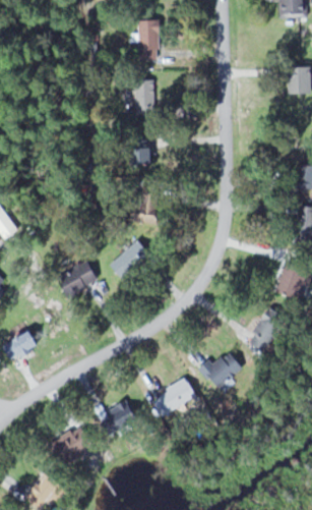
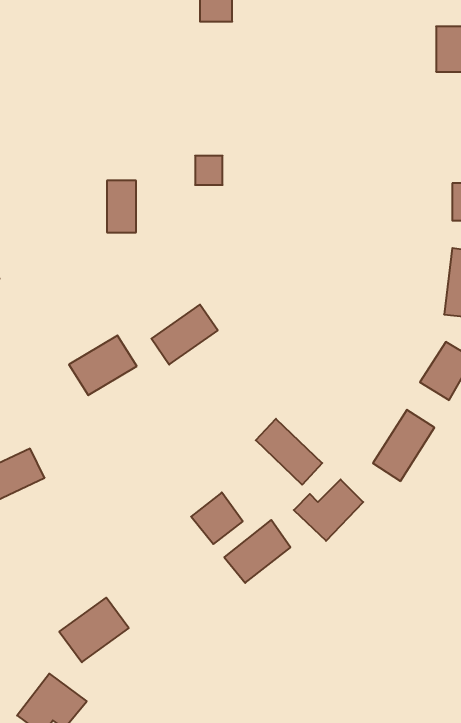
building: [133,79,152,119] -> none
building: [138,190,157,223] -> [107,181,136,232]
building: none -> [256,419,322,485]
building: [106,398,138,431] -> [191,492,243,544]

